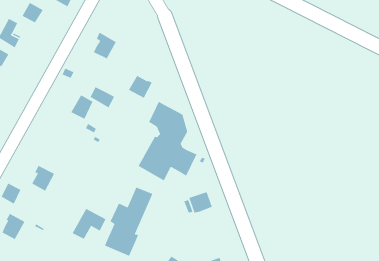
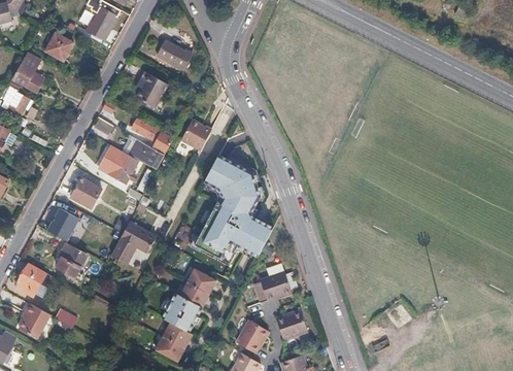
building: none -> [156,39,189,68]
building: none -> [132,116,173,153]
building: none -> [70,177,101,207]
building: none -> [46,207,78,240]
building: [71,208,107,240] -> [110,221,156,262]
building: none -> [275,314,306,343]
building: none -> [232,323,264,356]

